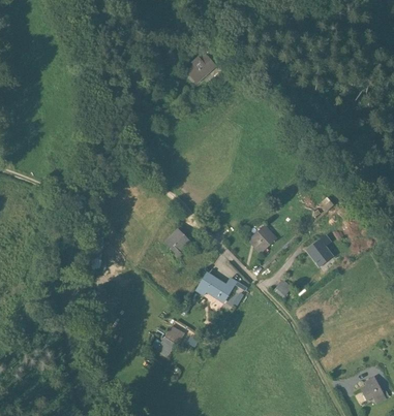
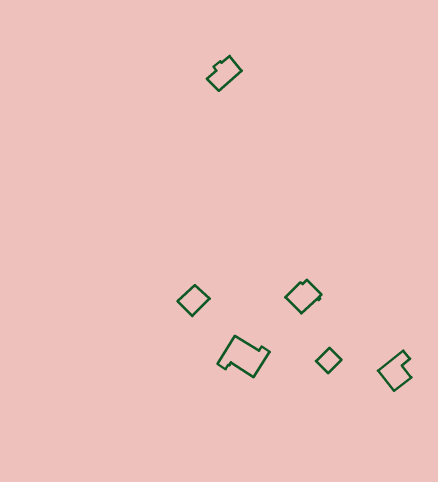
building: [306,234,332,265] -> [378,351,411,391]
building: [157,324,185,354] -> none

